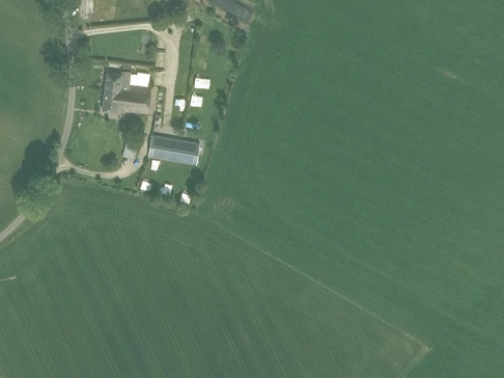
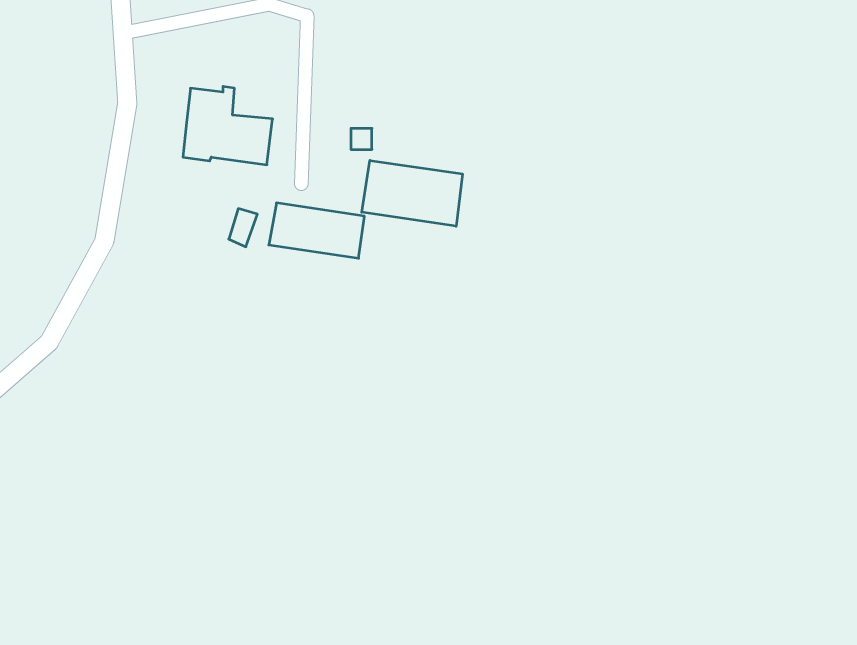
building: none -> [362,160,462,226]

